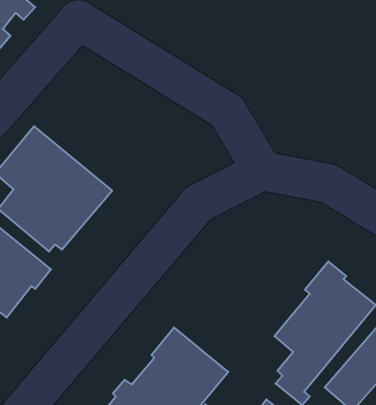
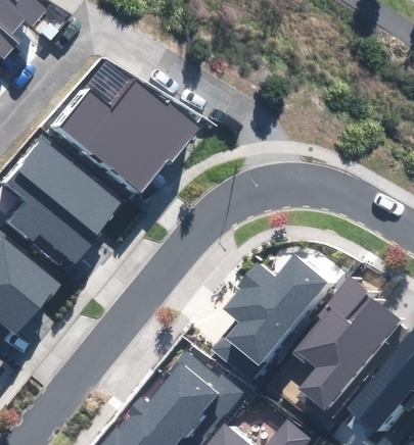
building: none -> [58,83,201,194]
building: none -> [214,256,327,380]

